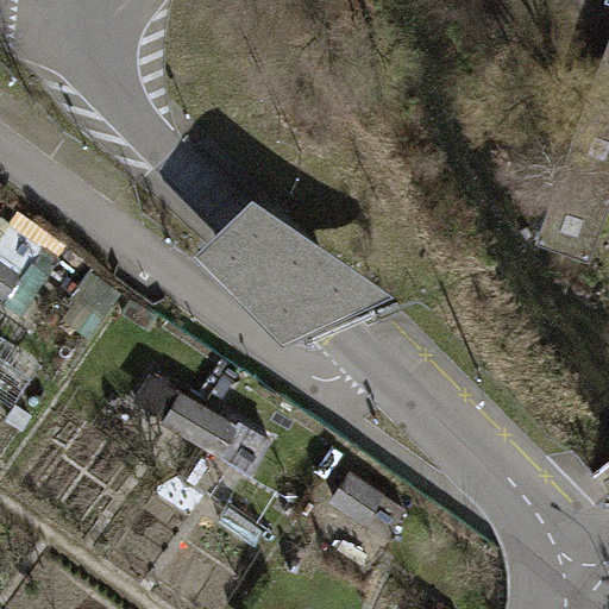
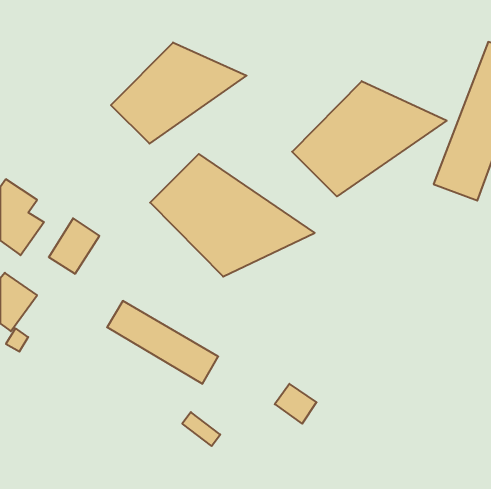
building: none -> [111,42,247,144]
building: none -> [292,81,447,196]

